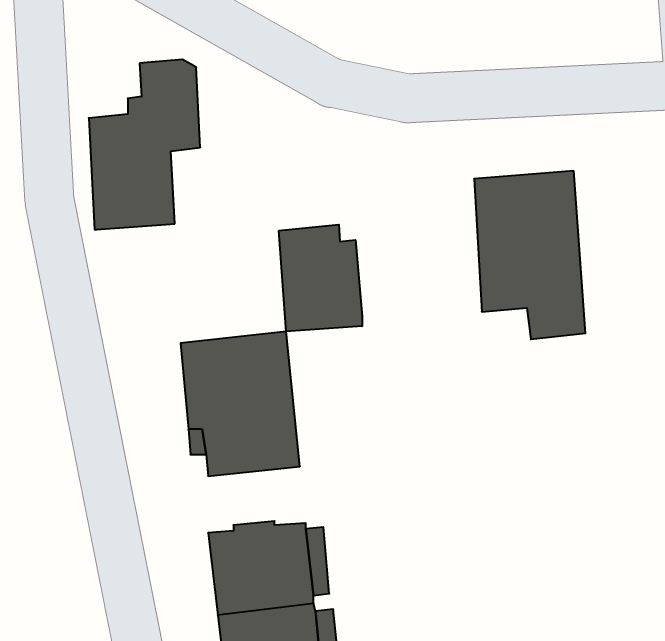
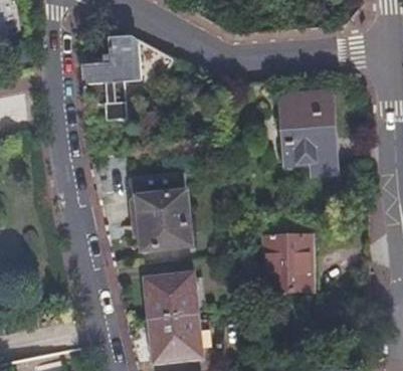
building: [279,225,362,331] -> none
building: none -> [263,233,312,303]

